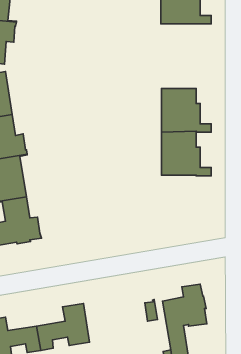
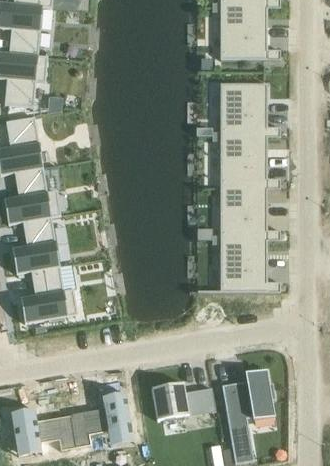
building: none -> [220,82,280,136]
building: none -> [221,238,280,291]
building: none -> [152,382,189,419]

